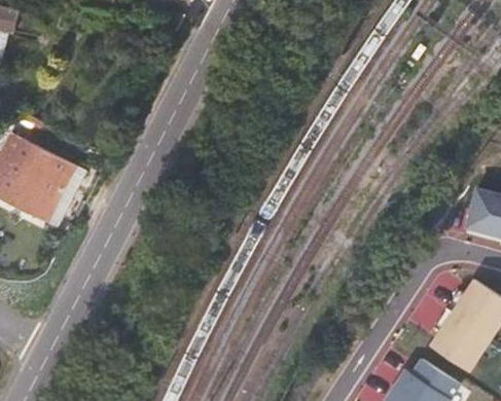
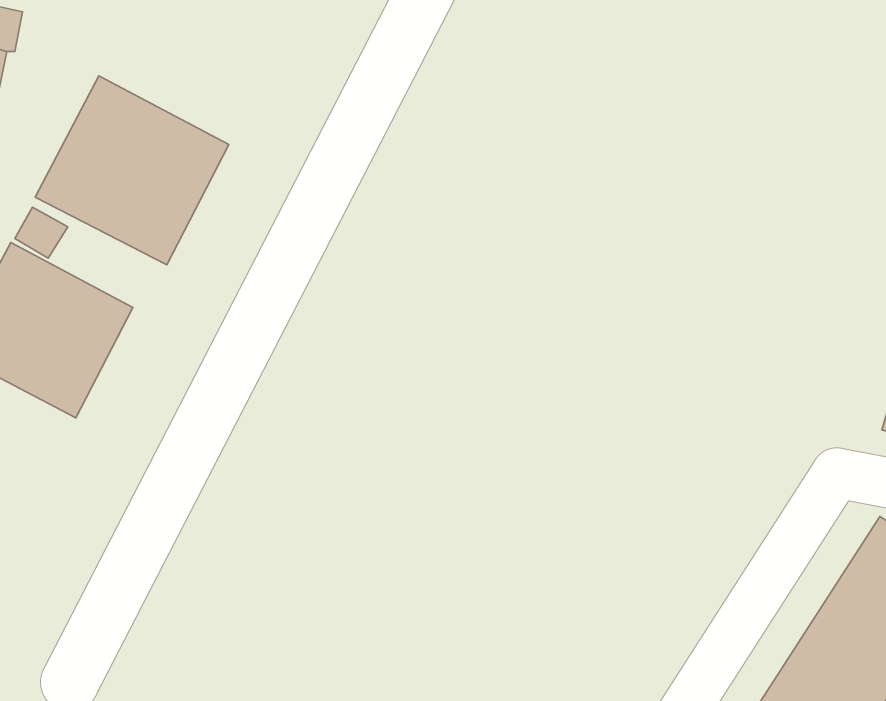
building: none -> [35,76,229,265]

